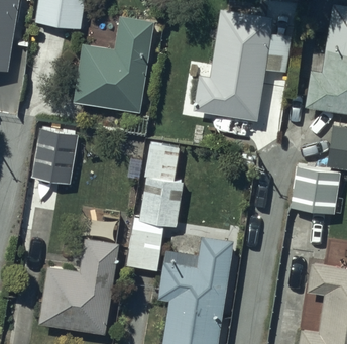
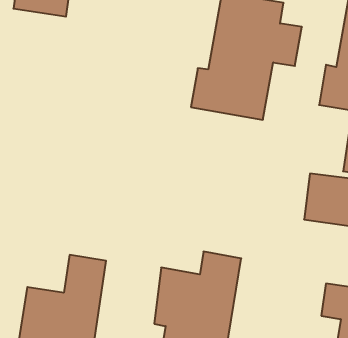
building: [74,23,152,119] -> none
building: [31,129,78,184] -> none
building: [126,142,185,271] -> none

